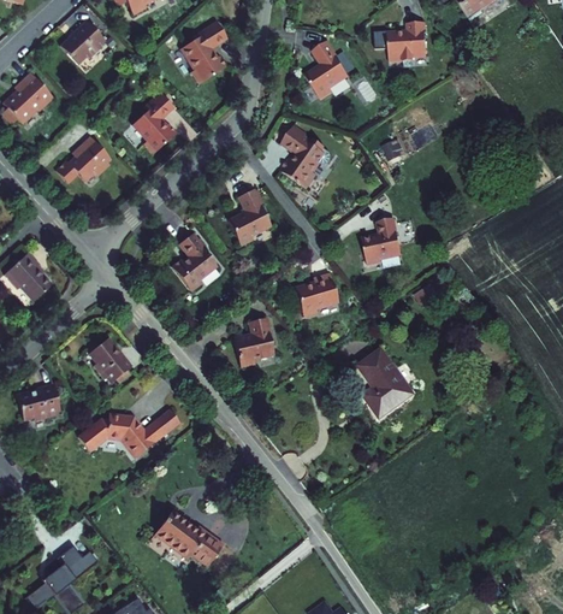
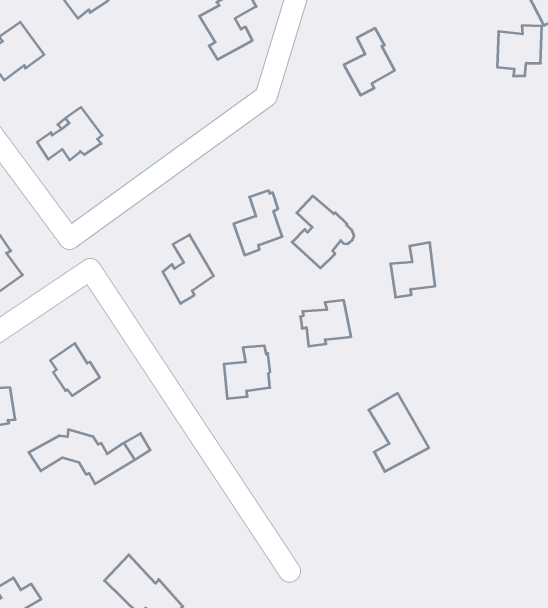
building: [389,25,427,70] -> [497,26,542,76]
building: [131,95,174,155] -> none
building: [279,130,331,190] -> [292,196,354,268]

